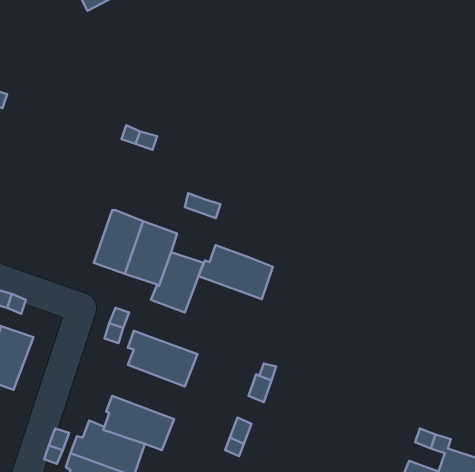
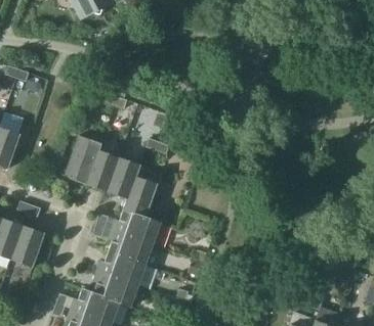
building: none -> [65,135,101,184]
building: [199,245,273,299] -> [112,208,161,244]
building: none -> [97,251,146,287]

